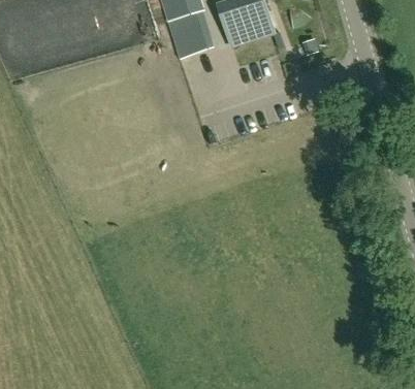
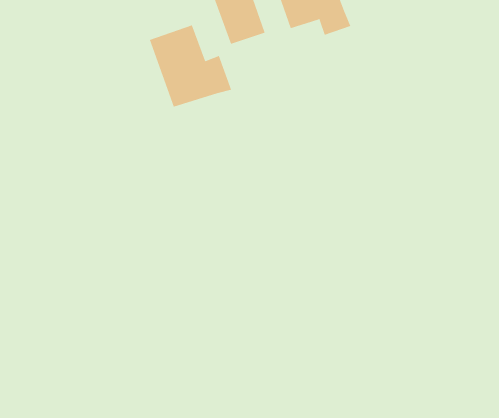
building: none -> [149,24,232,108]

